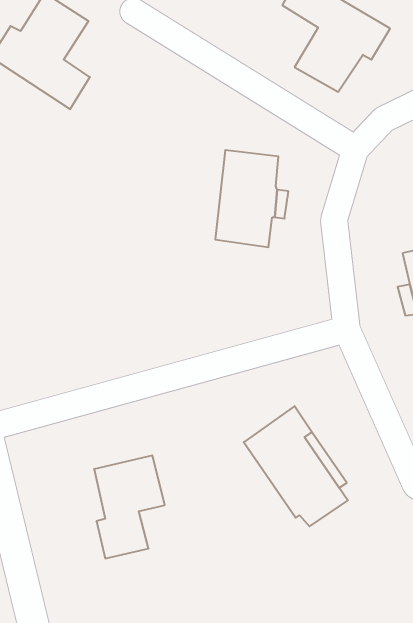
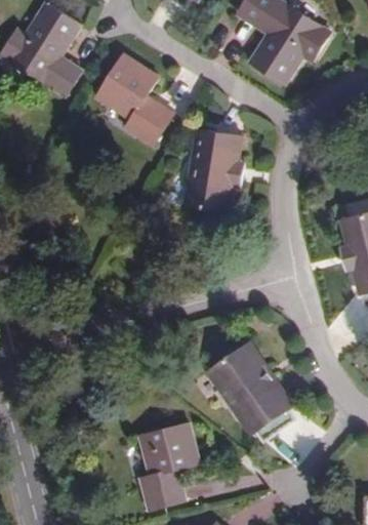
building: none -> [94,54,171,144]
building: [94,455,165,558] -> [141,422,200,508]

